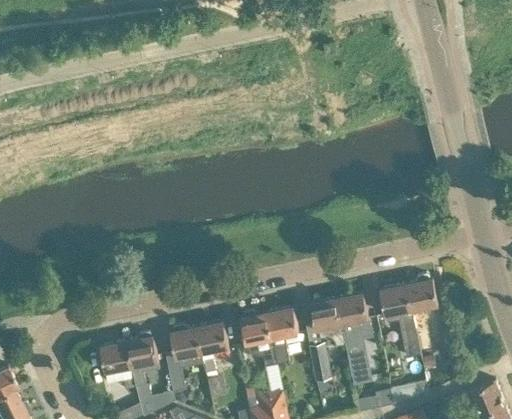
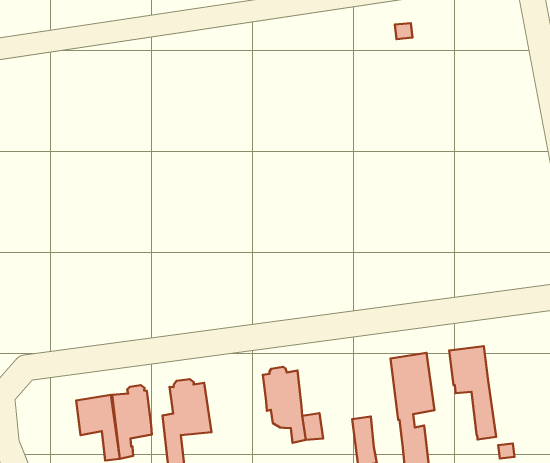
building: [406,275,441,353] -> none
building: [310,299,345,347] -> none
building: [266,307,298,340] -> none
building: [196,322,228,374] -> none

